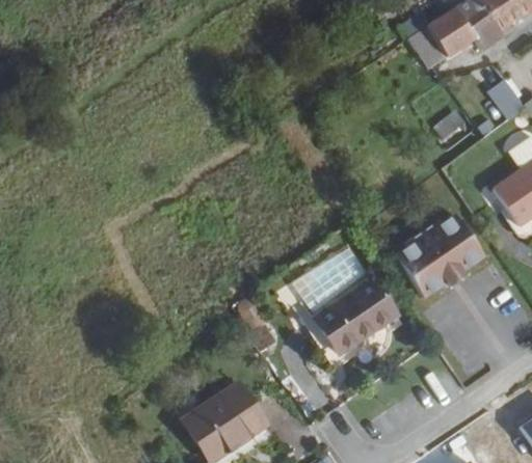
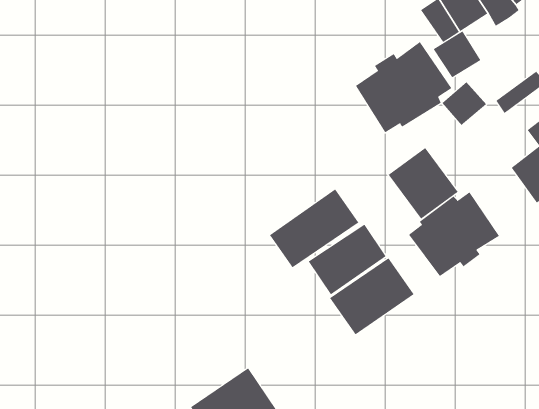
building: none -> [433,30,481,78]
building: none -> [355,41,452,133]
building: none -> [388,147,459,219]
building: none -> [269,188,359,268]

